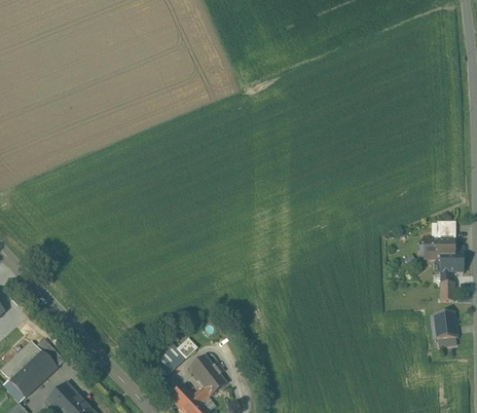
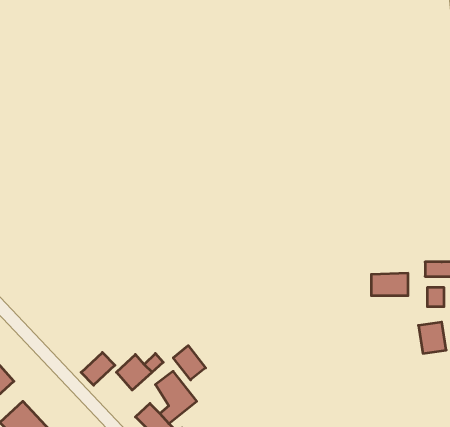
building: [419,235,453,256] -> [371,273,408,296]
building: none -> [173,346,206,380]
building: none -> [81,352,115,385]

